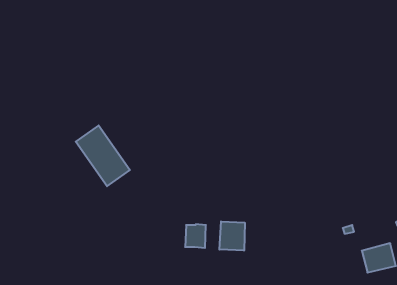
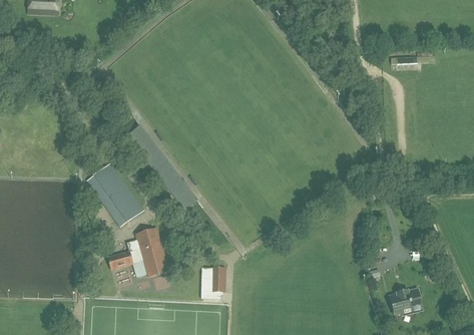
building: none -> [108,227,168,275]
building: [219,221,245,251] -> none

